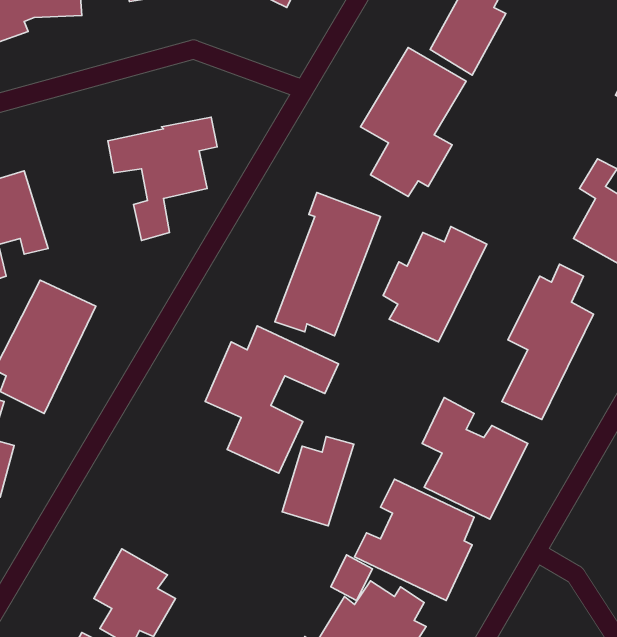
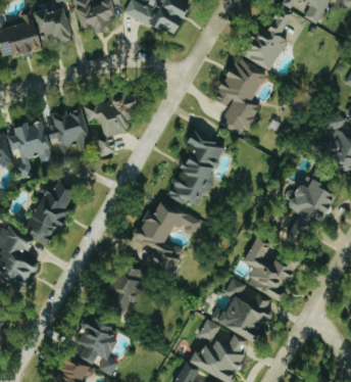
building: none -> [48,109,93,152]
building: [383,227,487,342] -> none
building: [282,436,354,526] -> [108,268,145,314]

